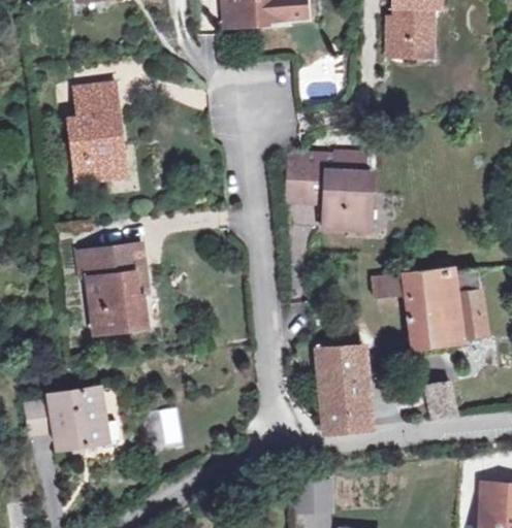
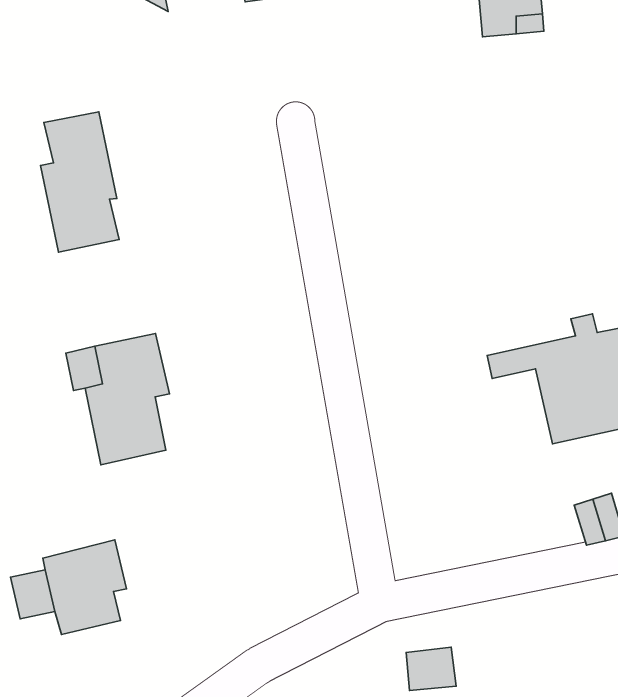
building: [287,154,371,229] -> none
building: [318,346,370,432] -> none

